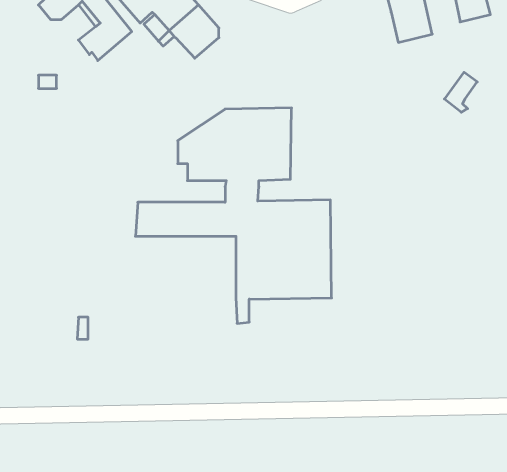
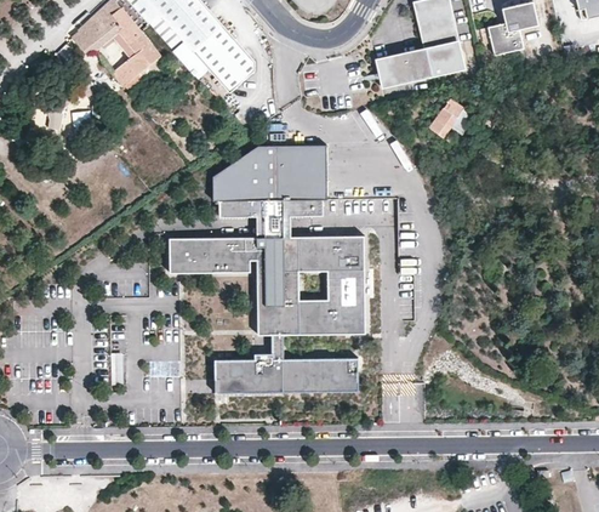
building: none -> [375,47,432,90]
building: [444,72,477,112] -> [429,101,462,141]
building: none -> [213,357,354,392]

